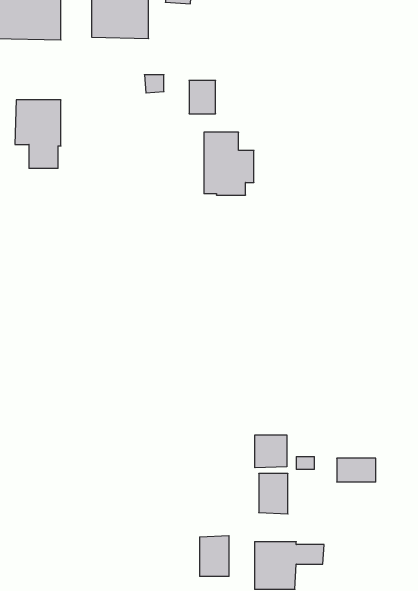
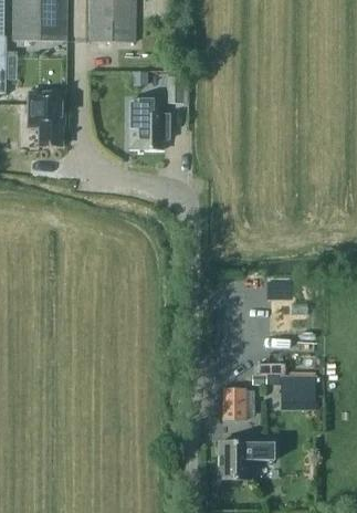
building: [204,132,254,195] -> [130,98,170,148]
building: [255,435,287,468] -> none
building: [200,536,229,576] -> none

